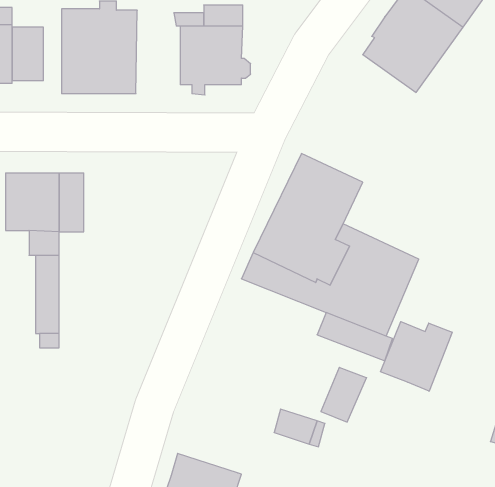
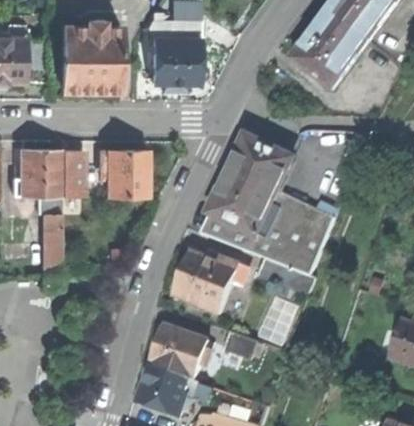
building: none -> [99,151,147,197]
building: none -> [176,253,250,315]
building: [380,322,452,391] -> none
building: none -> [152,327,215,382]

